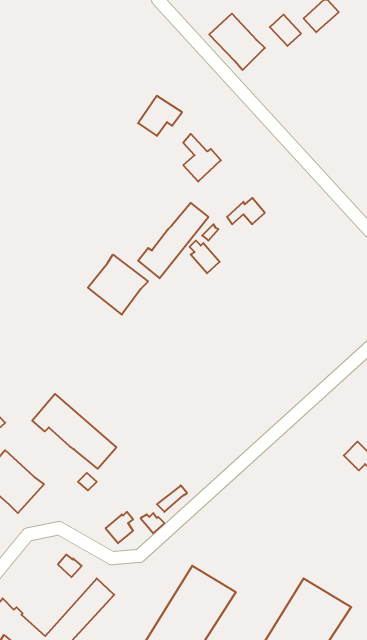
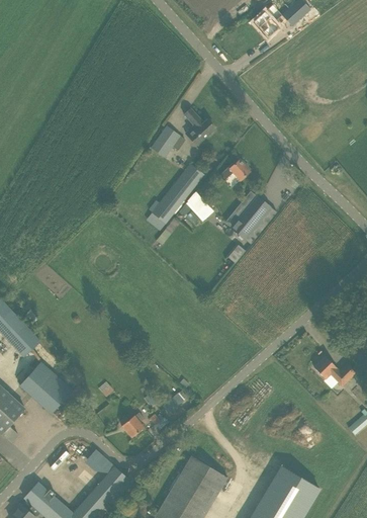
building: [209,14,265,70] -> none
building: [138,96,182,136] -> [151,125,186,158]
building: none -> [232,197,269,238]
building: [88,255,148,315] -> none
building: [32,394,116,469] -> none

